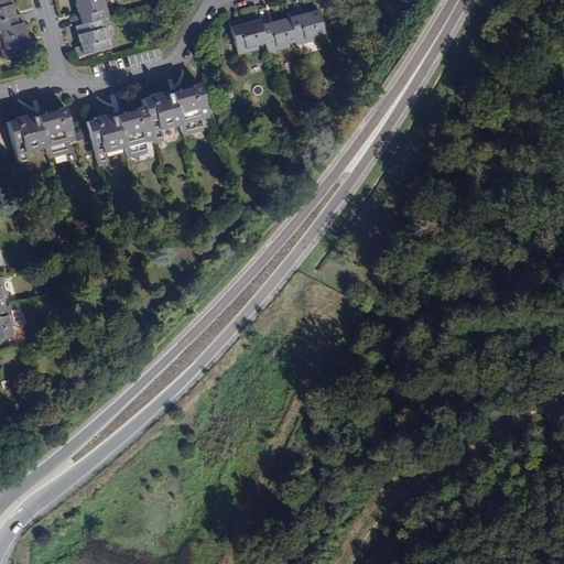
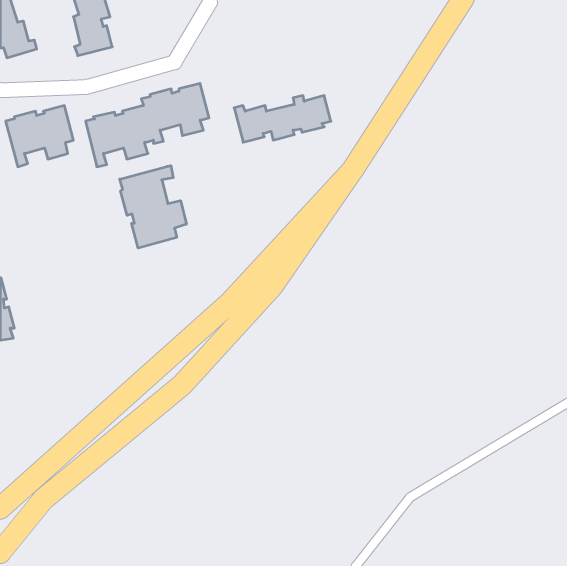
building: [229,8,325,54] -> [234,96,331,142]
building: none -> [120,166,186,248]

